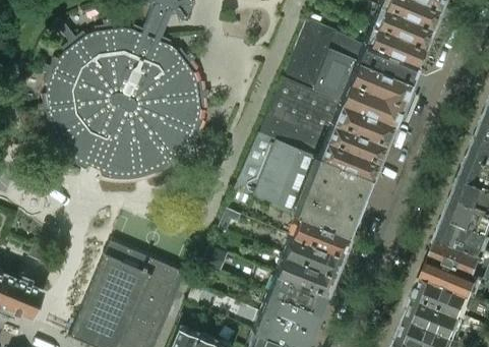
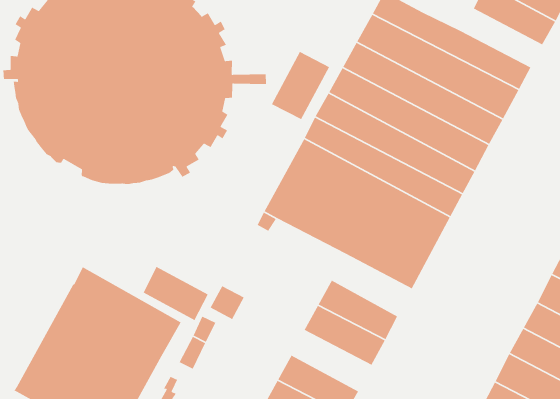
building: [366,26,426,64] -> none
building: none -> [271,51,330,120]
building: [292,213,351,253] -> none
building: none -> [142,266,209,321]
building: [268,271,327,310] -> none

